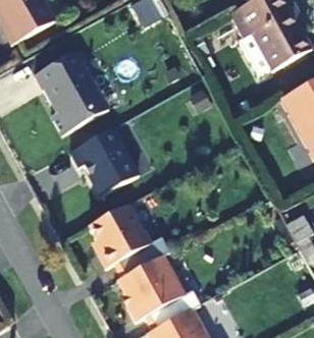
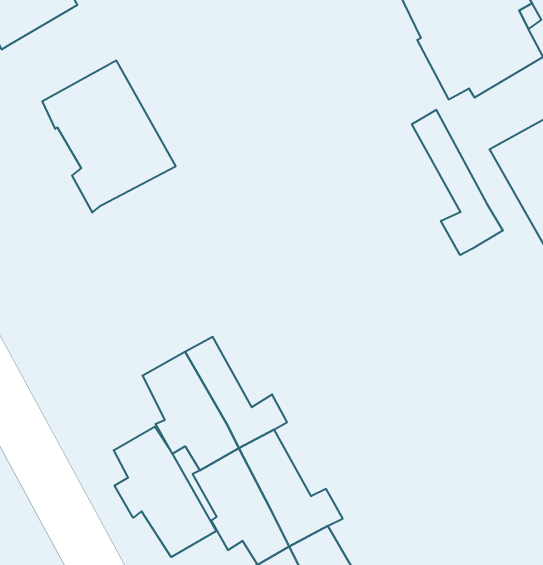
building: none -> [412,110,503,255]
building: [70,128,139,196] -> none
building: none -> [114,427,216,557]

